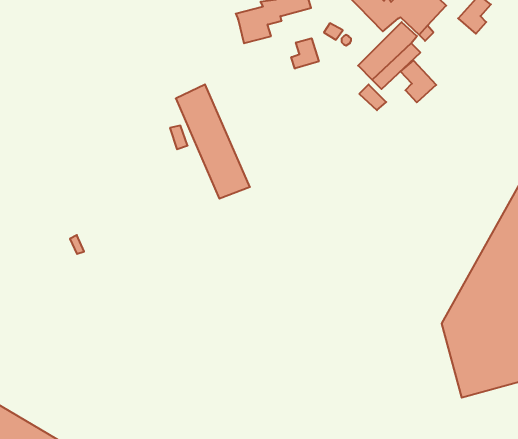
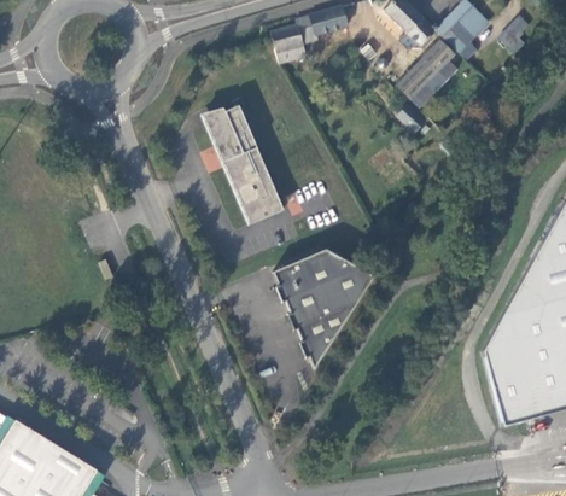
building: [291,38,319,69] -> none
building: [400,61,436,102] -> none
building: none -> [272,247,372,367]

